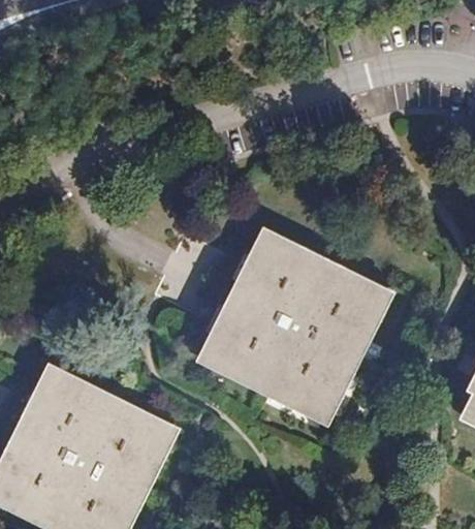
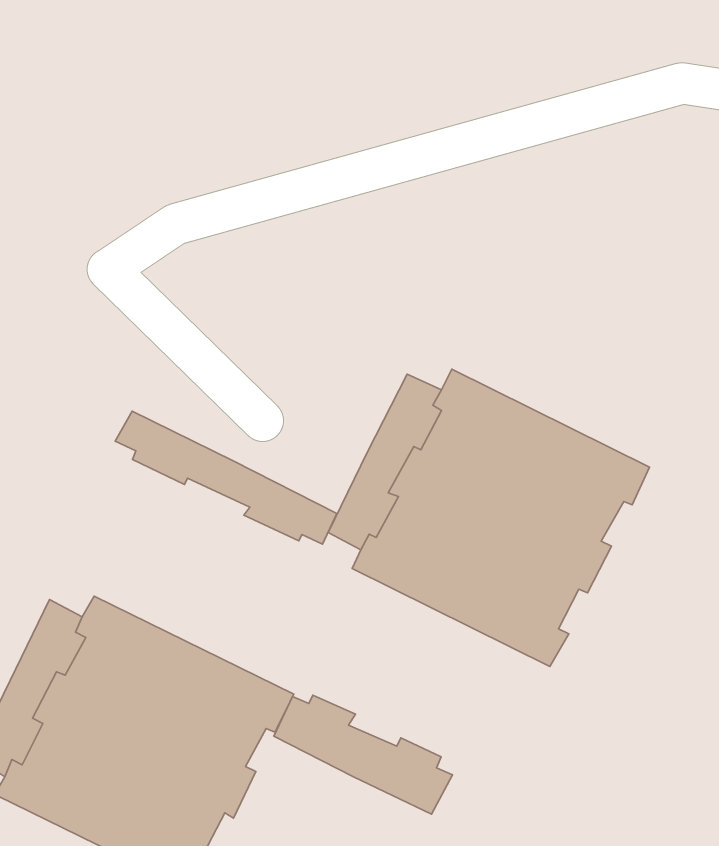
building: none -> [115,411,337,544]
building: none -> [274,695,453,814]

